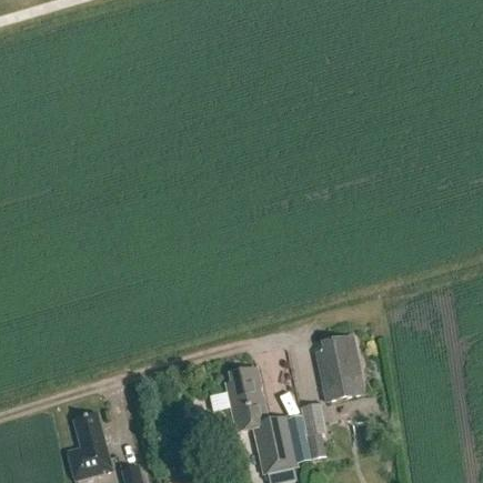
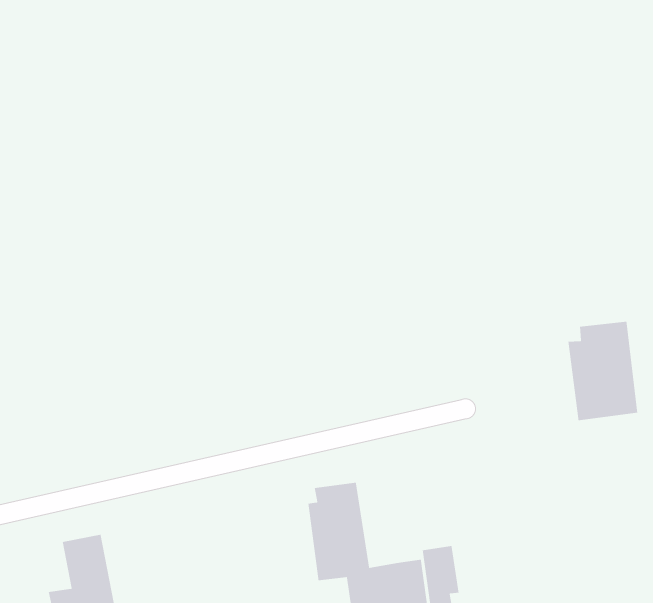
building: [315,335,363,401] -> [568,321,638,421]

